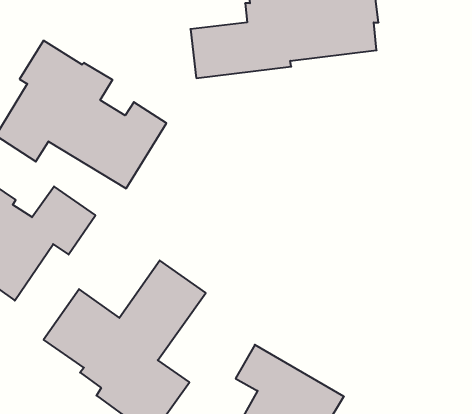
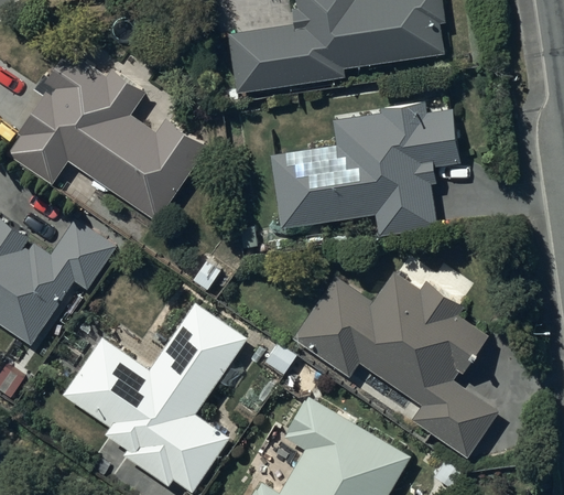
building: none -> [273,104,469,230]
building: none -> [292,272,501,460]

